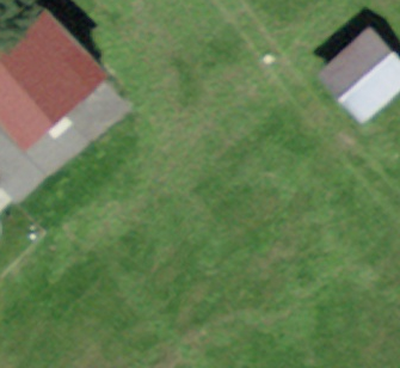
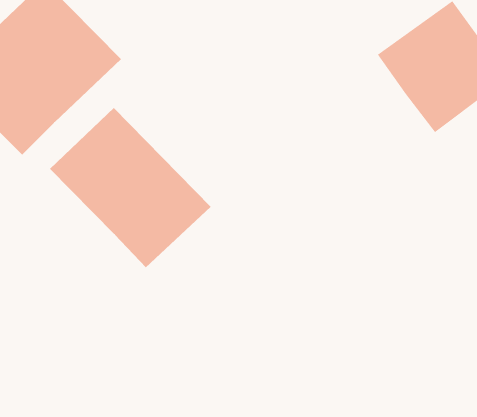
building: none -> [49,107,212,268]

